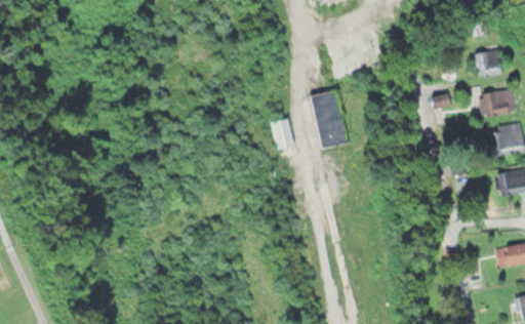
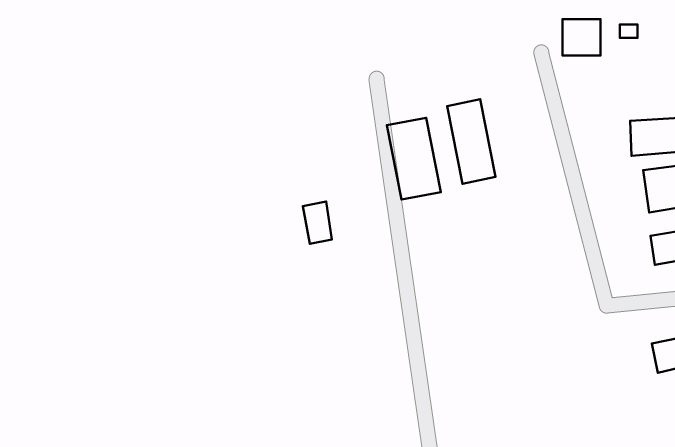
building: [474,49,500,75] -> [563,19,601,55]
building: none -> [447,99,495,184]
building: [273,119,293,149] -> [303,202,332,244]

